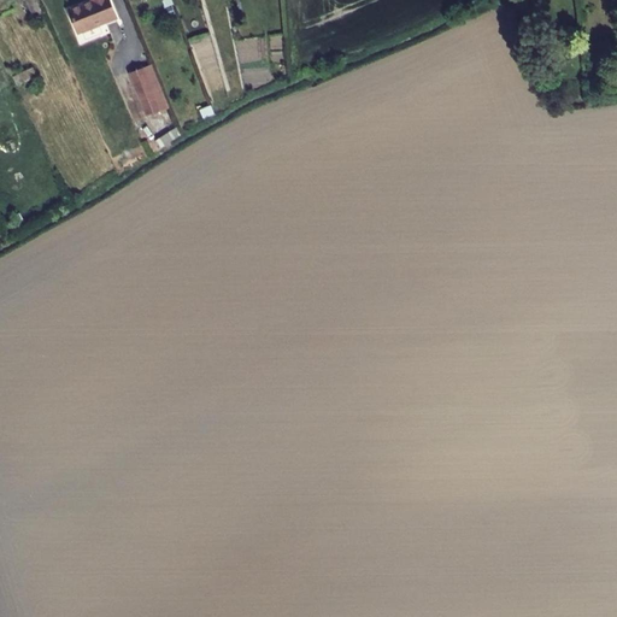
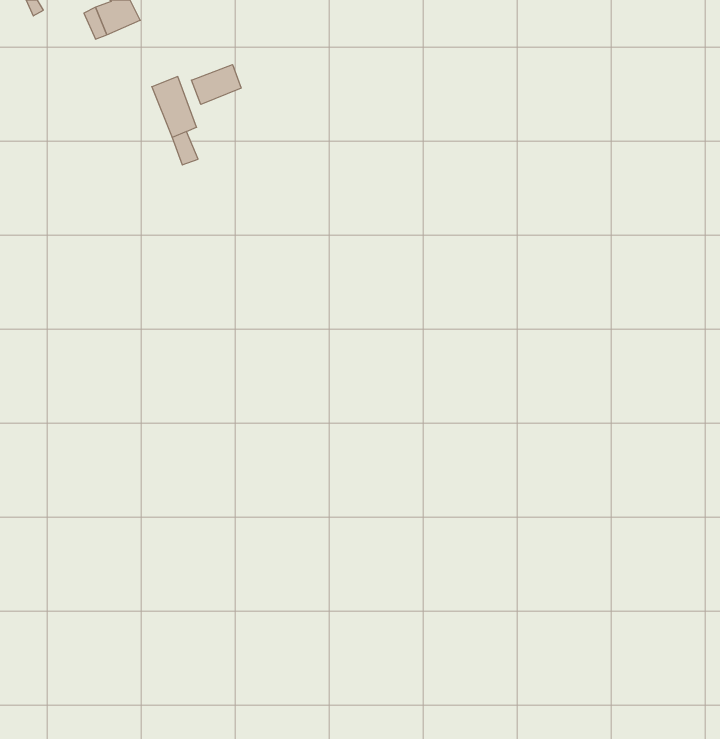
building: none -> [191,65,241,104]

